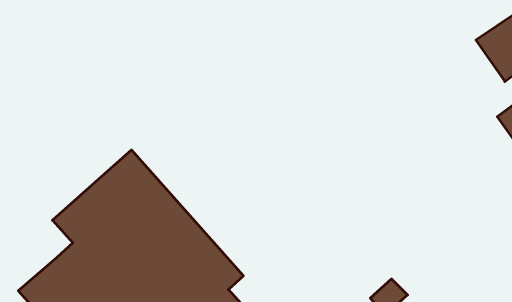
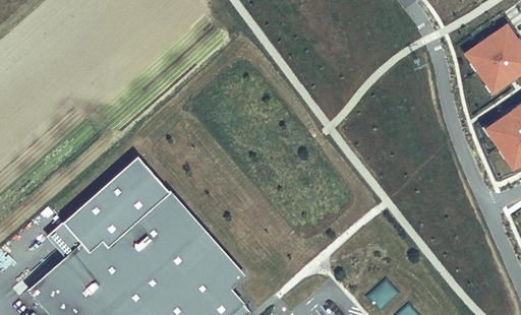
building: none -> [47,224,81,259]

